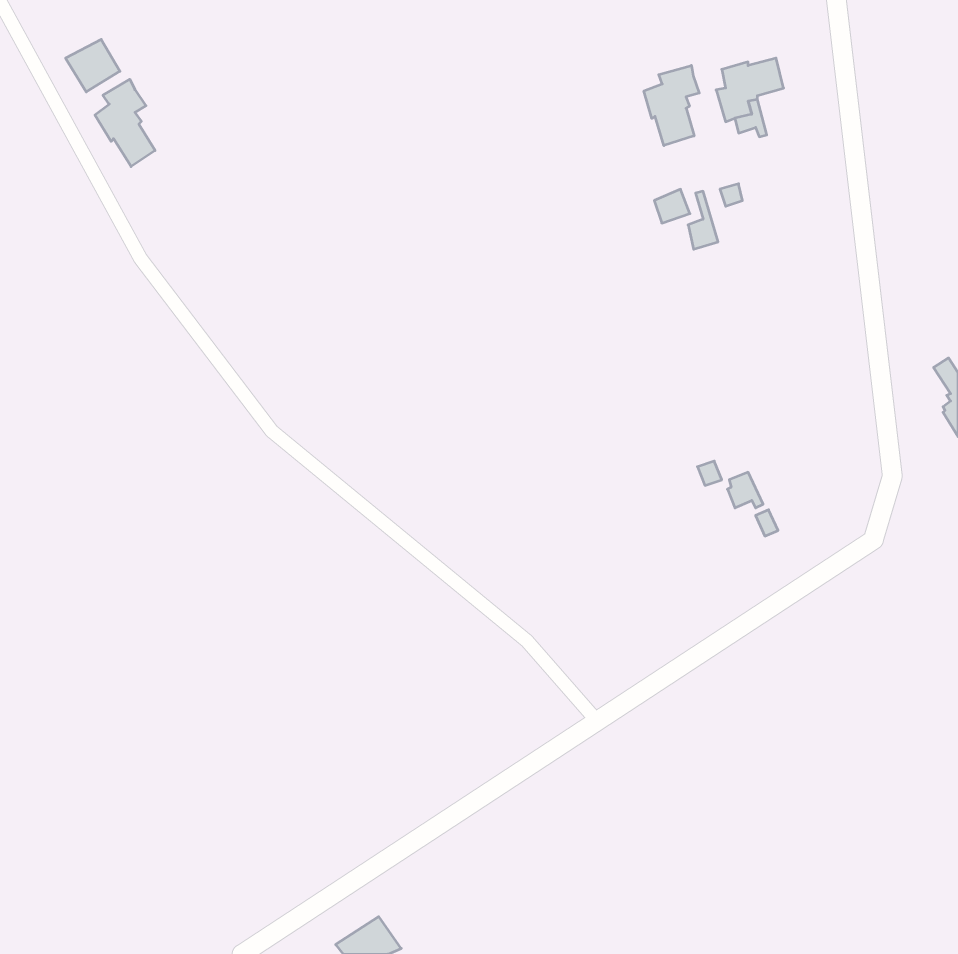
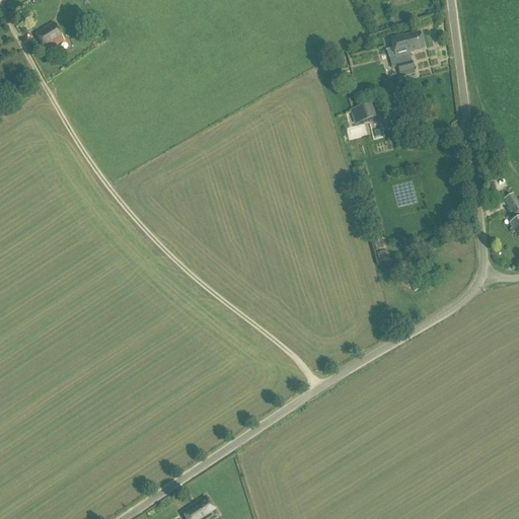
building: [644,65,699,146] -> none
building: [95,79,155,167] -> none

